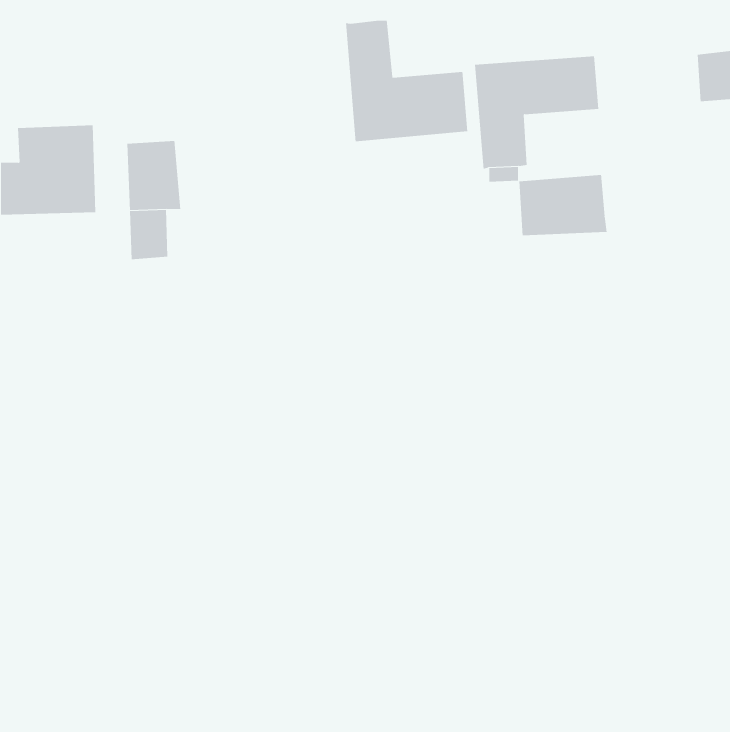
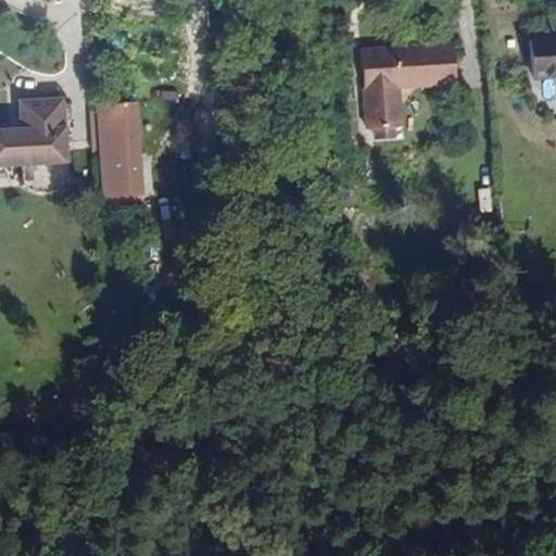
building: [345,20,468,142] -> none
building: [519,174,607,236] -> none

